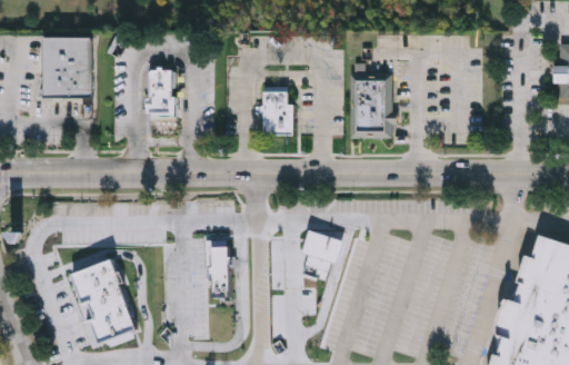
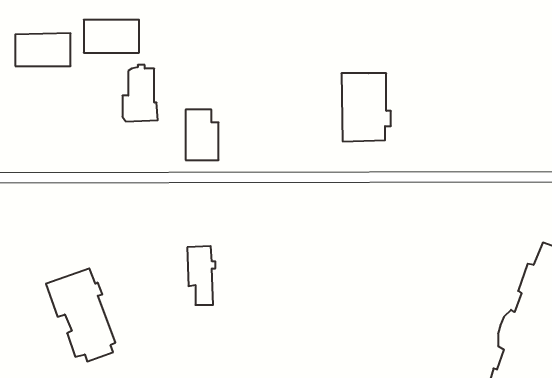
building: [42,67,94,98] -> [84,20,139,53]
building: [264,90,296,138] -> [186,110,219,160]
building: [298,224,343,275] -> none

